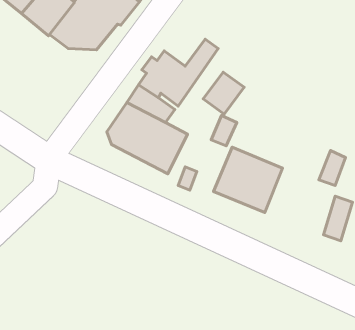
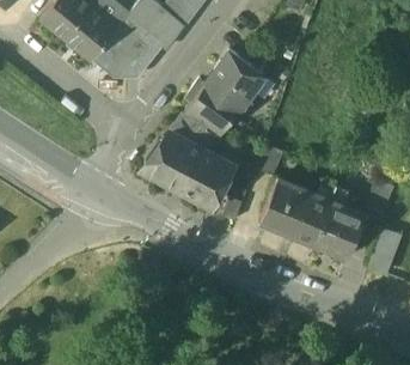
building: [203,72,244,114] -> [209,50,251,93]
building: none -> [312,197,366,258]

